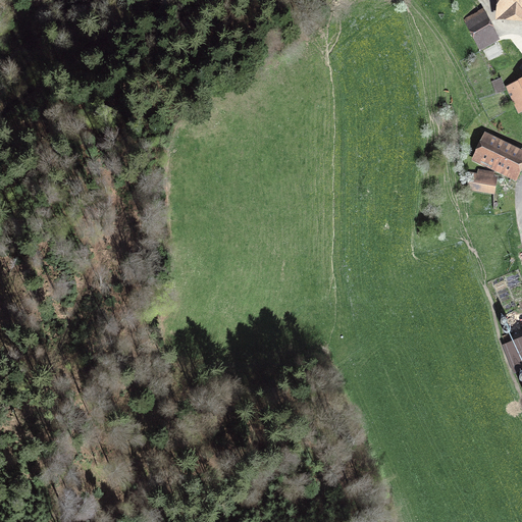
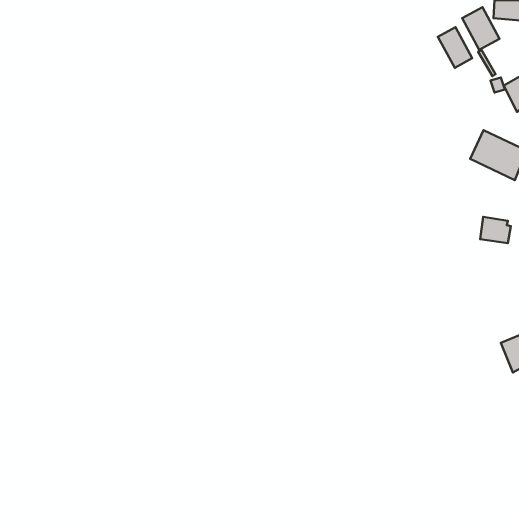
building: none -> [438,27,472,68]
building: [468,167,499,194] -> [480,217,511,243]

